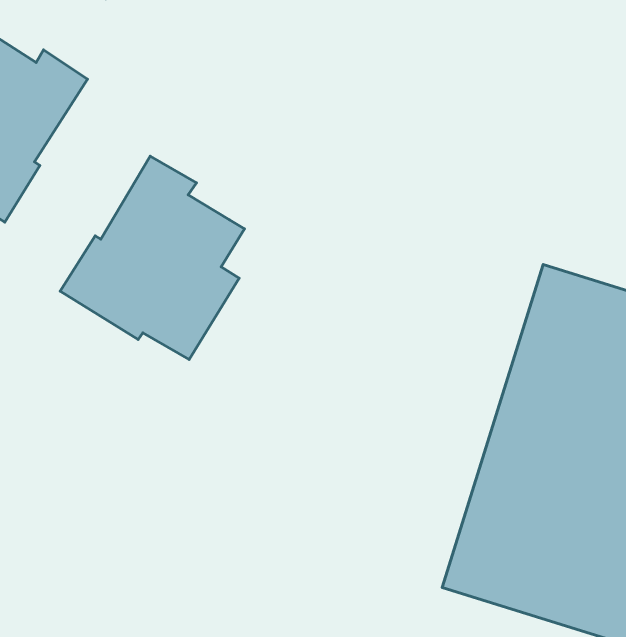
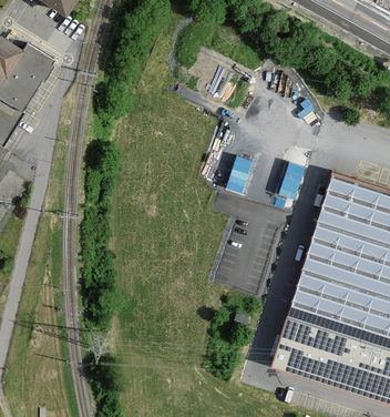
building: [60,156,244,359] -> none

